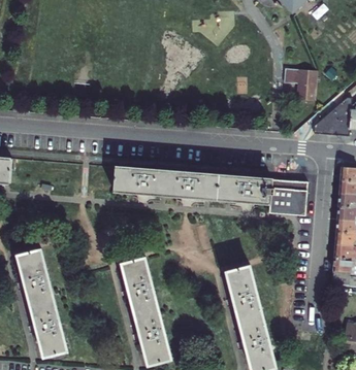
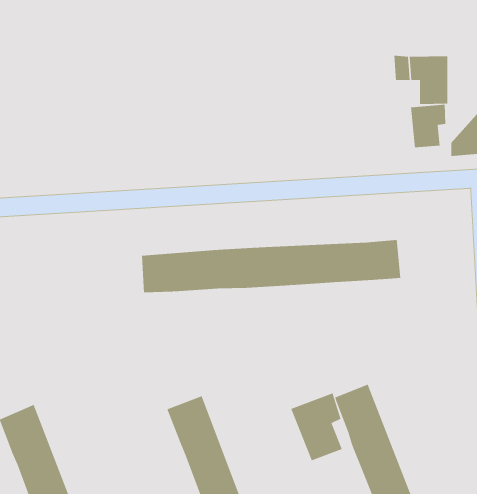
building: none -> [410,104,446,148]
building: [271,179,309,215] -> none
building: none -> [291,392,343,461]

